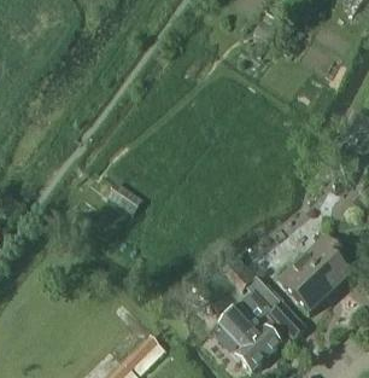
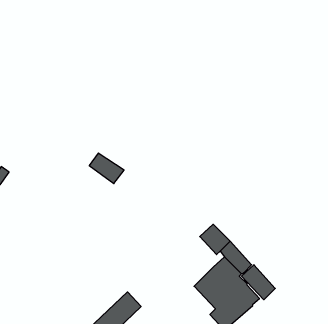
building: [276,235,347,314] -> none

